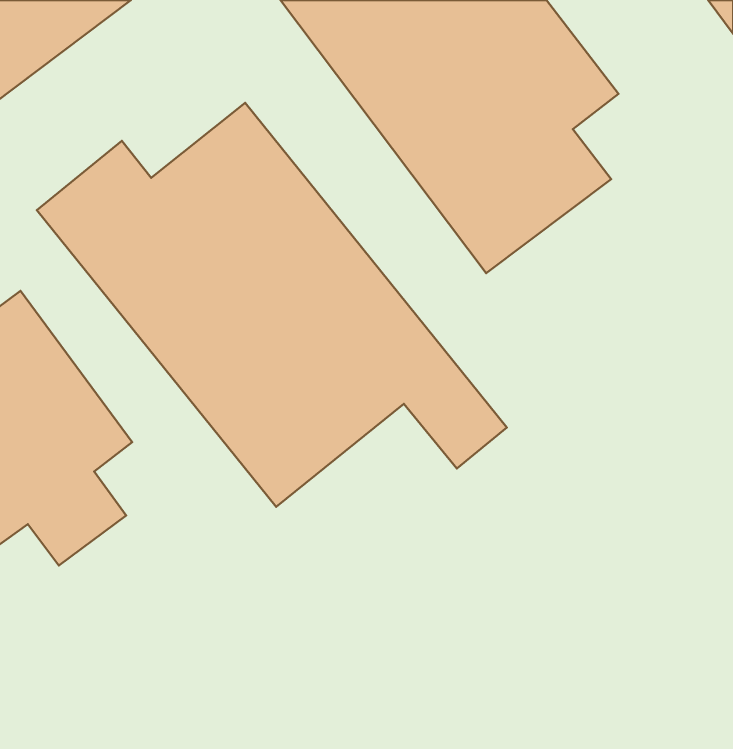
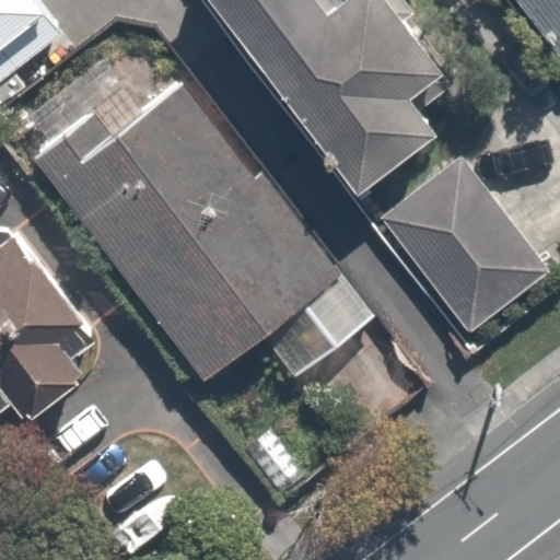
building: none -> [377,158,538,330]

